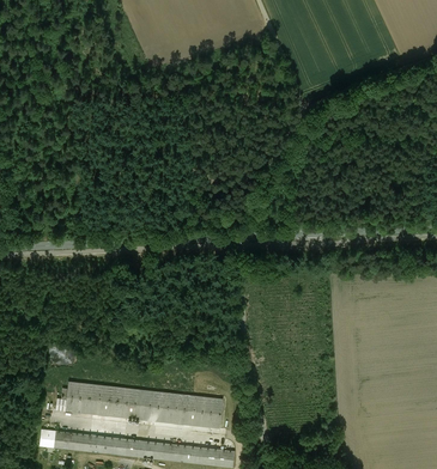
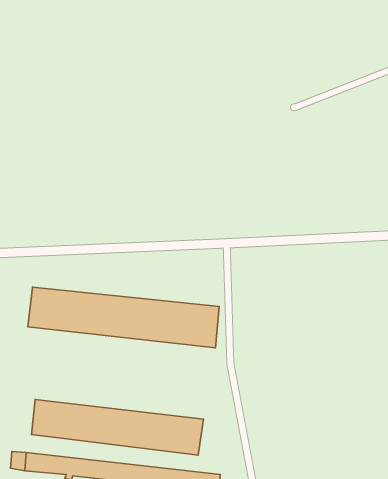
building: none -> [28,287,219,348]

